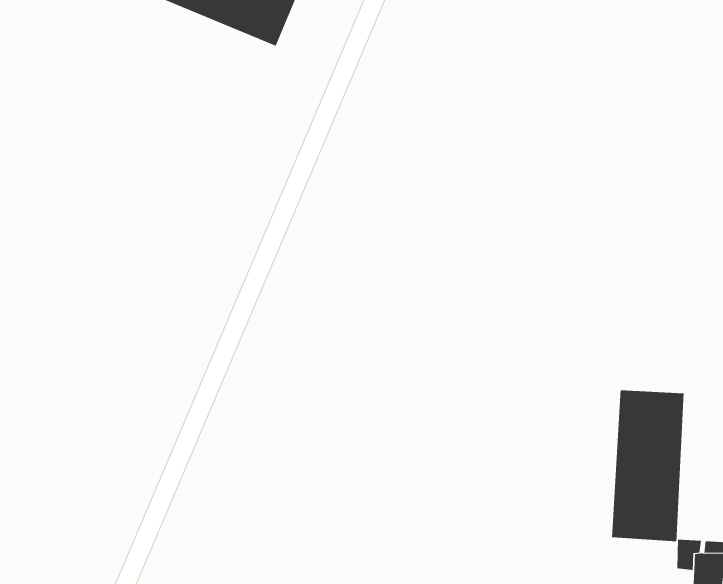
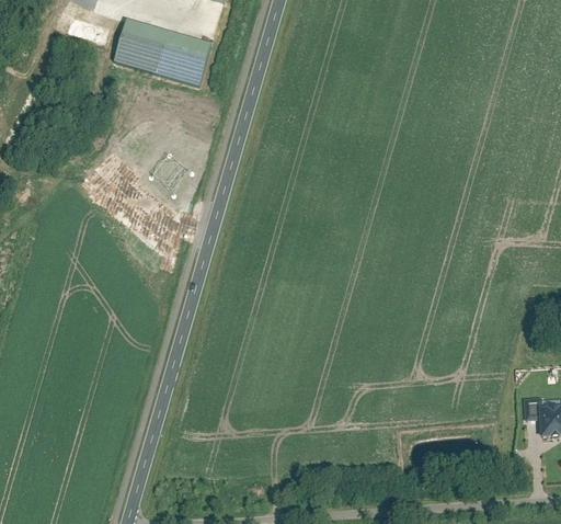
building: [611,389,684,542] -> none

